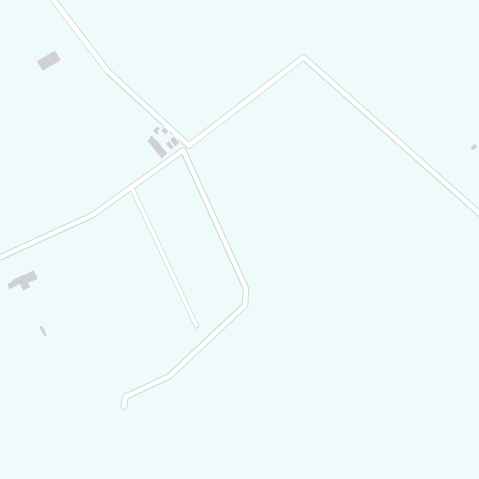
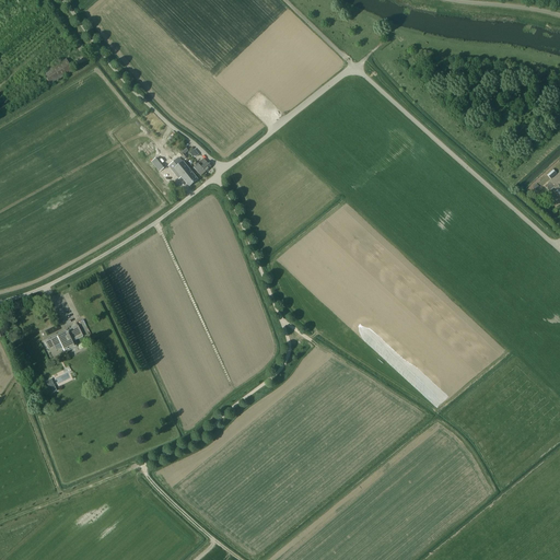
building: [6,270,38,291] -> [44,325,81,350]

